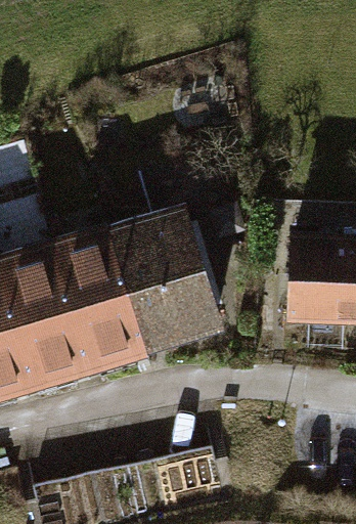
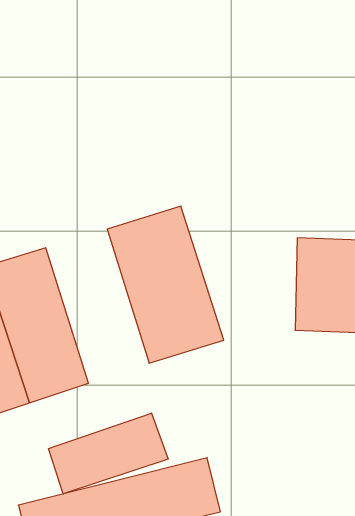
building: [57,227,153,370] -> none
building: none -> [48,413,168,494]

